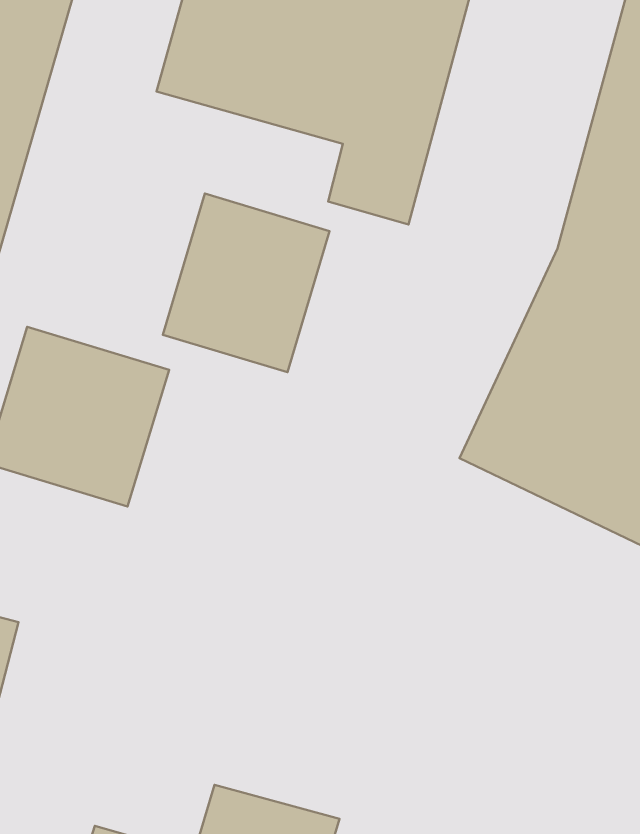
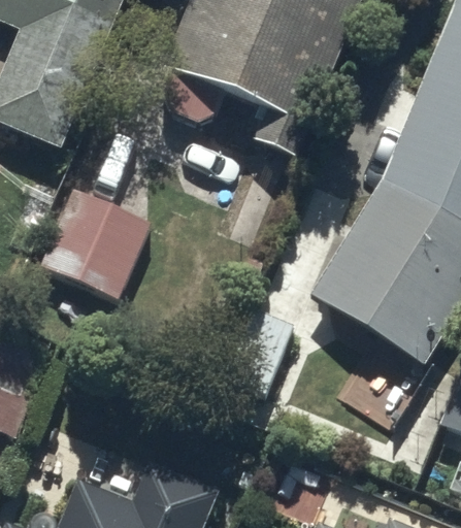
building: [163,194,329,372] -> none

